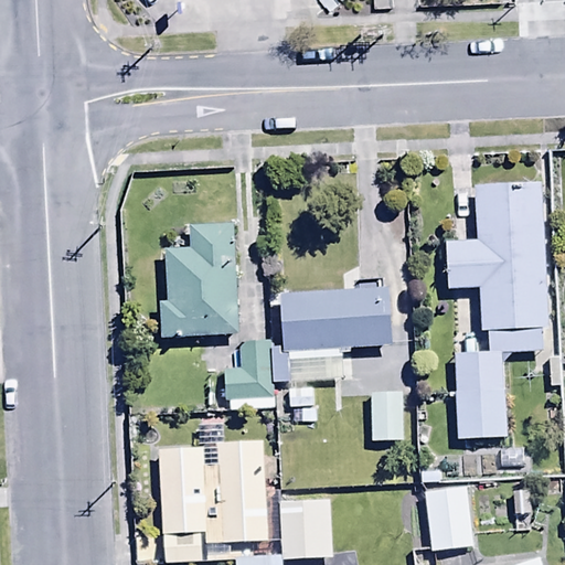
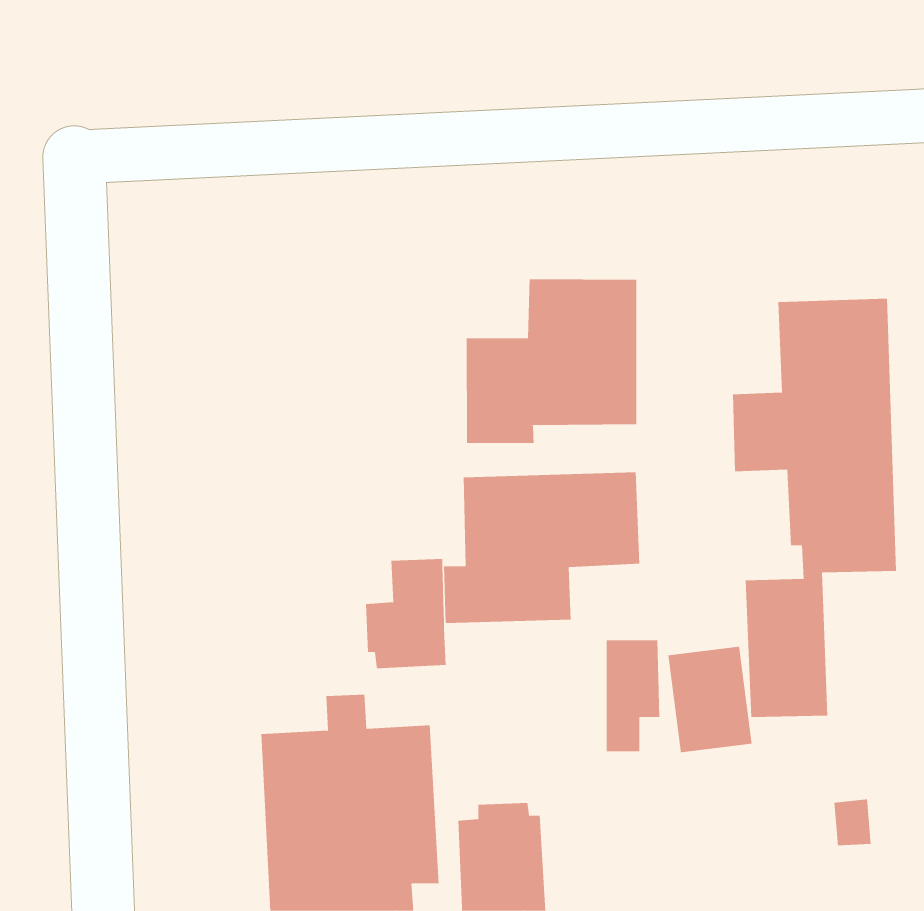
building: none -> [466,278,637,444]
building: [162,222,236,337] -> none
building: [425,484,477,550] -> [668,646,753,753]

